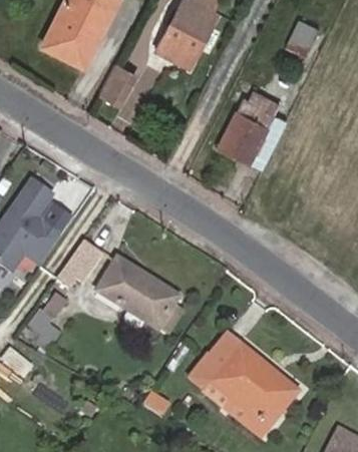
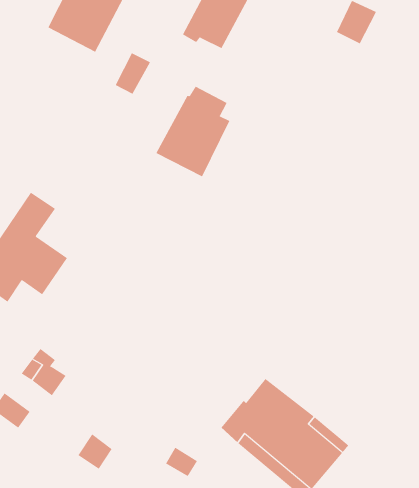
building: [222,89,284,165] -> [155,86,230,177]
building: [63,240,101,282] -> none
building: [97,259,177,328] -> none

